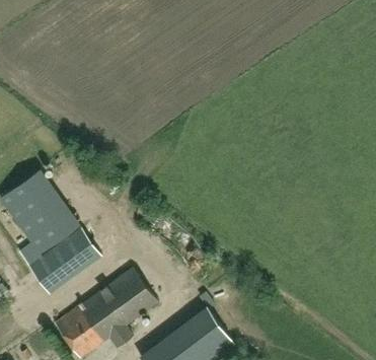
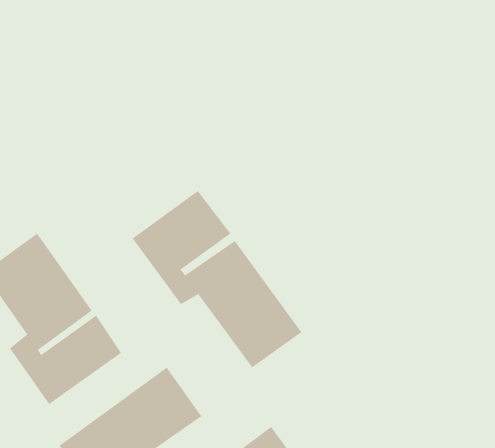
building: none -> [132,190,302,368]

